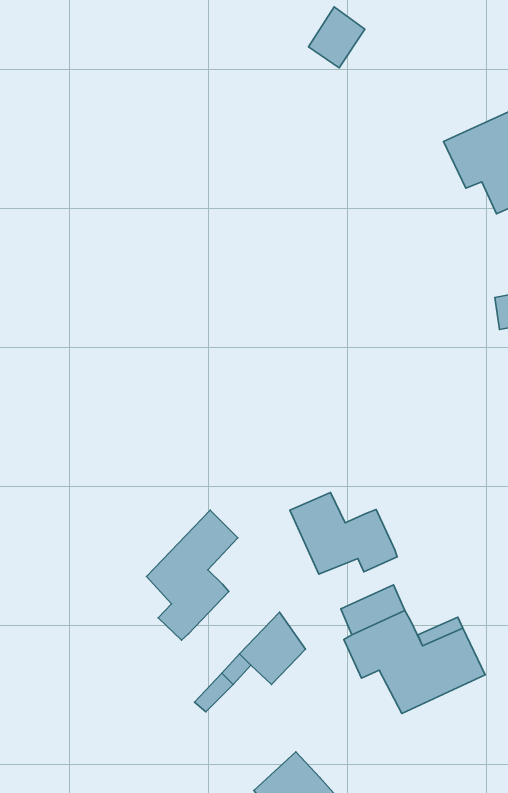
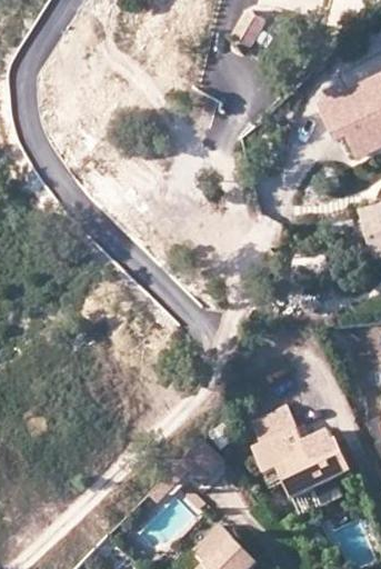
building: [290,493,397,574] -> none
building: [146,510,238,640] -> none

